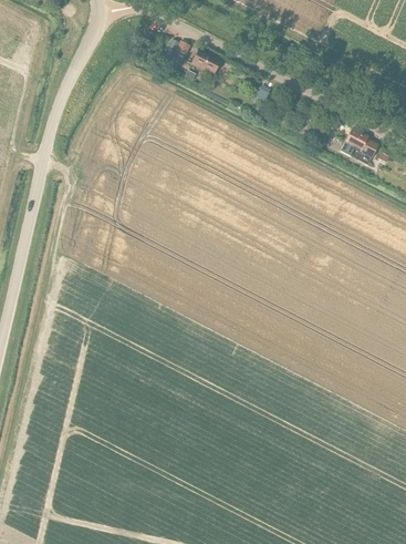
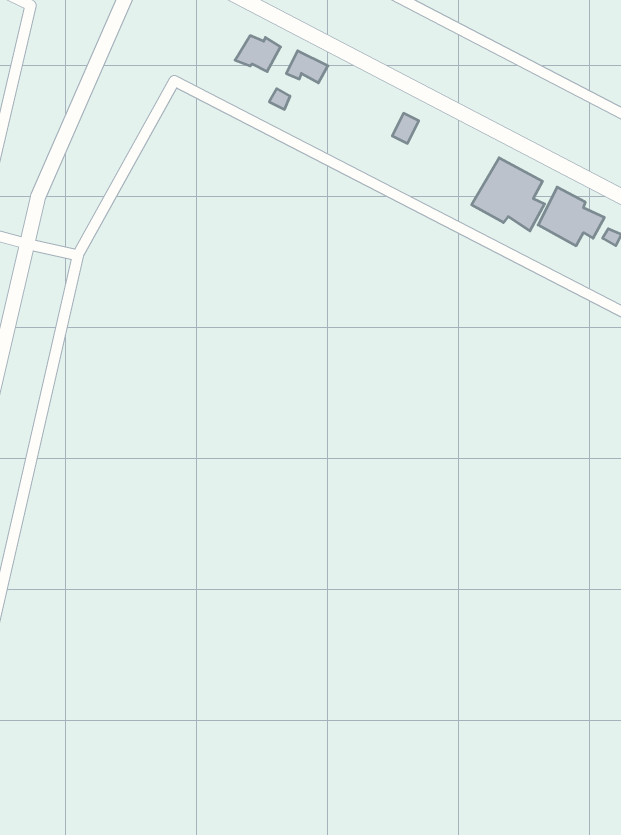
building: none -> [472,158,545,231]

